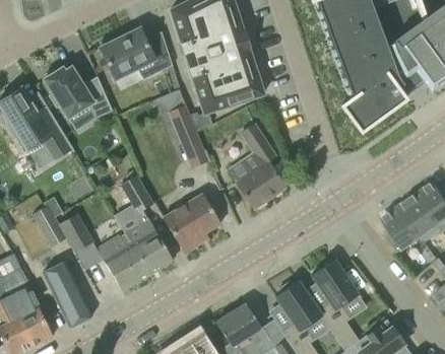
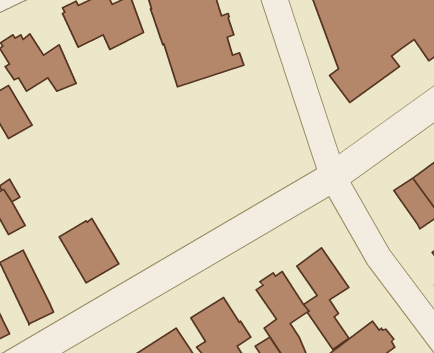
building: [168,96,209,167] -> none
building: [229,125,285,208] -> none
building: [121,175,153,215] -> none
building: [163,192,221,253] -> none
building: [383,207,421,255] -> none
building: [60,213,93,252] -> none
building: [126,218,174,273] -> none

